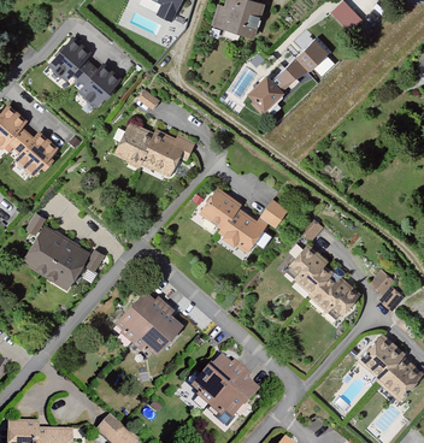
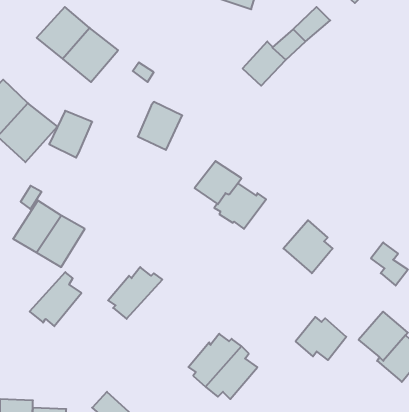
building: [112,122,154,167] -> [49,111,92,158]
building: [310,274,359,317] -> [296,317,346,360]
building: [130,302,181,355] -> [30,272,81,326]

